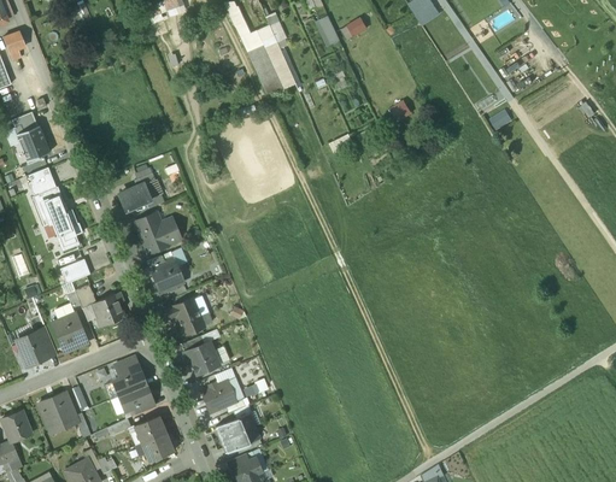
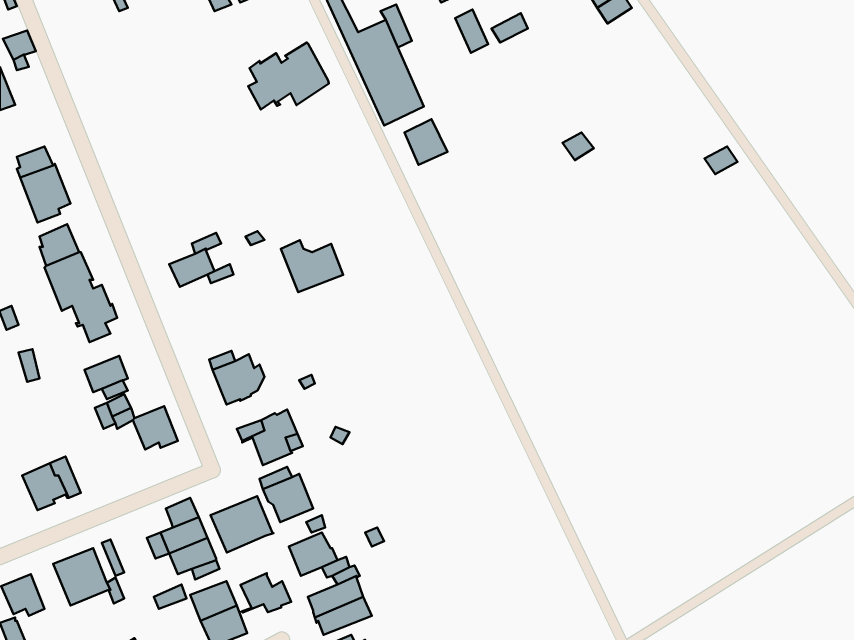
building: none -> [248,42,329,109]
building: none -> [405,119,448,165]
building: [135,216,178,252] -> [281,240,343,292]
building: [51,311,87,352] -> none
building: none -> [210,496,274,552]
building: none -> [240,573,291,612]

